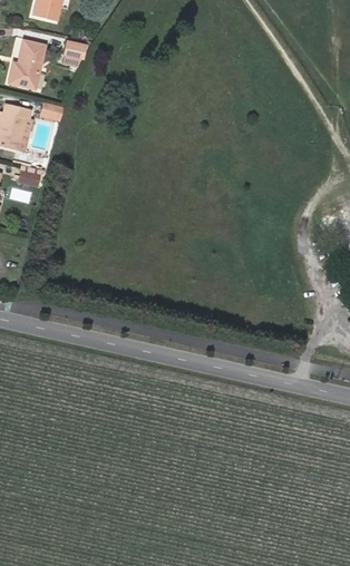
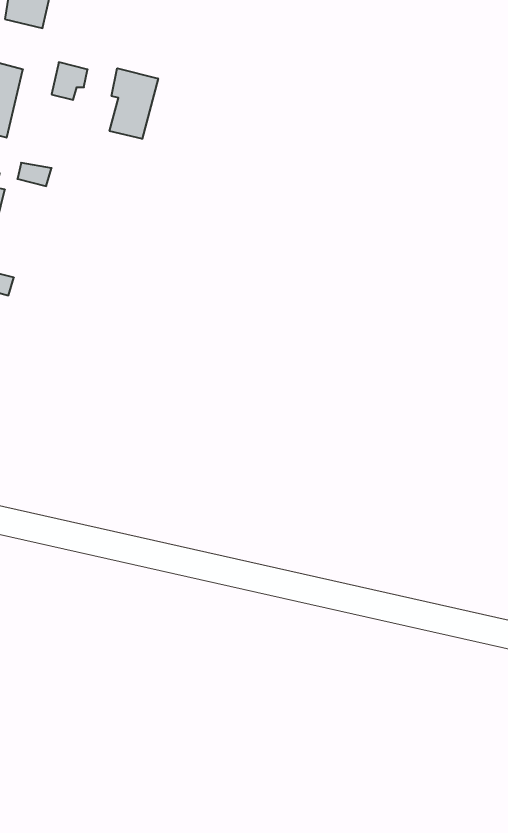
building: none -> [110,68,158,139]

